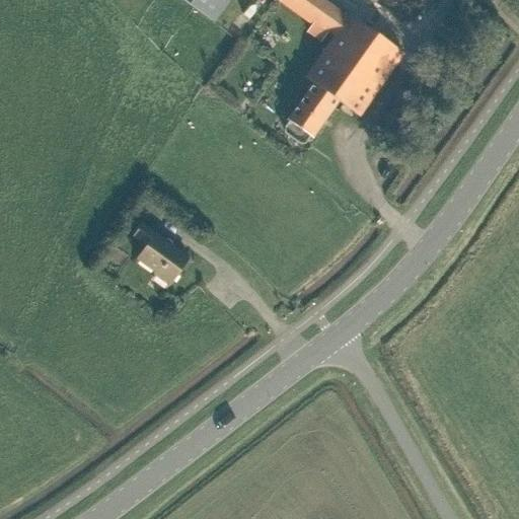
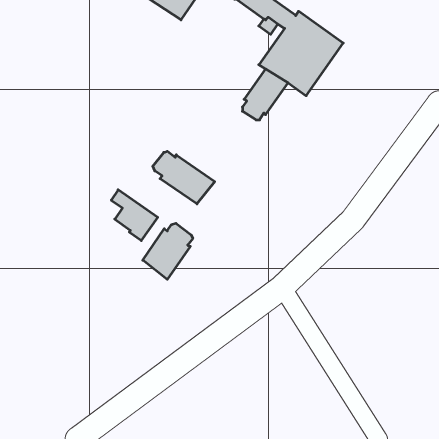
building: none -> [153,151,215,204]
building: none -> [143,223,193,279]

